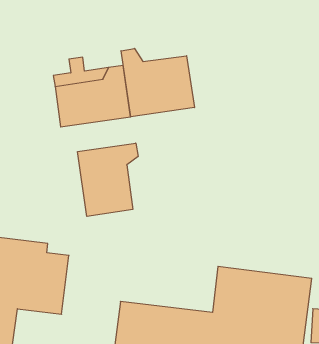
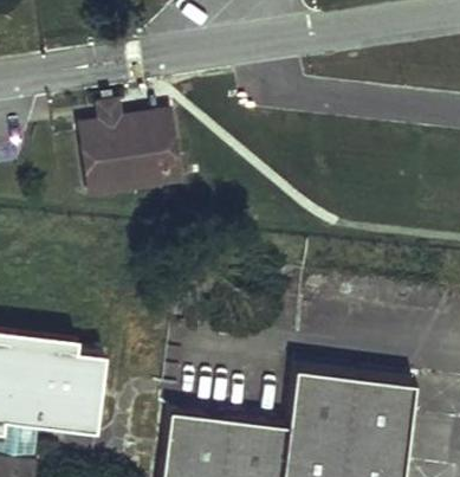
building: [121,48,194,117] -> none
building: [78,143,138,216] -> none

